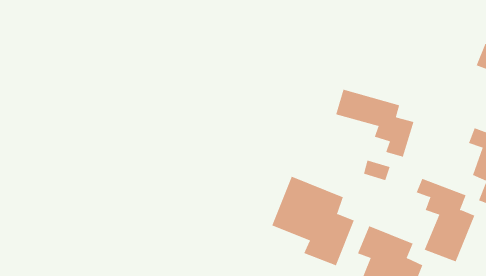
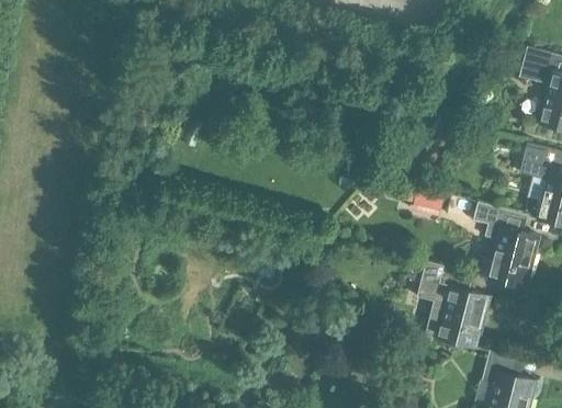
building: [335,89,414,158] -> none
building: [271,176,354,266] -> none

